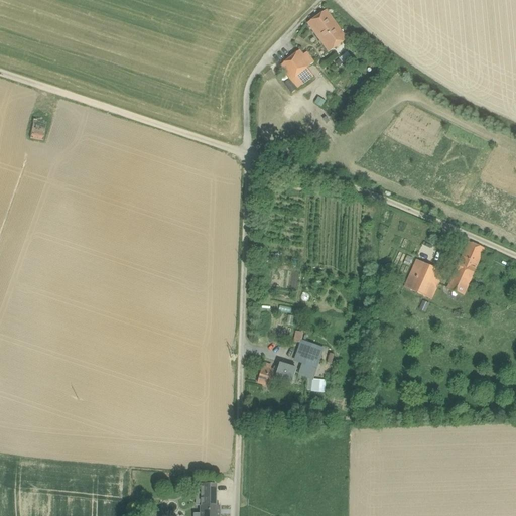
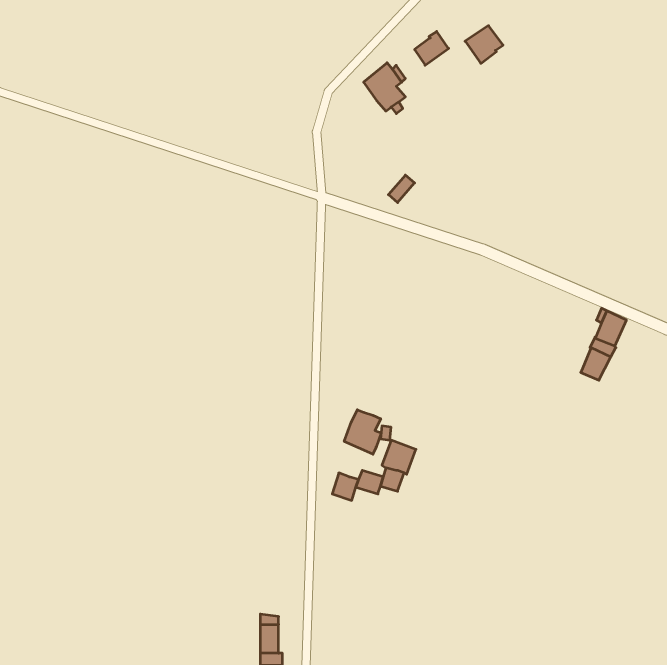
building: [307,9,337,38] -> [465,26,503,63]
building: [403,258,442,297] -> none
building: none -> [344,410,381,454]

